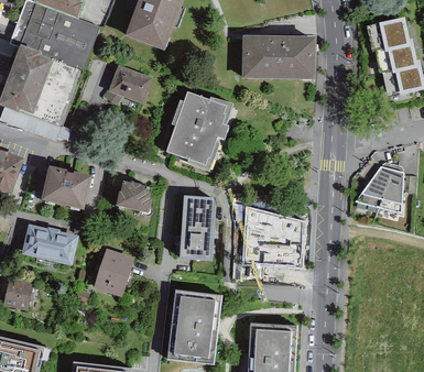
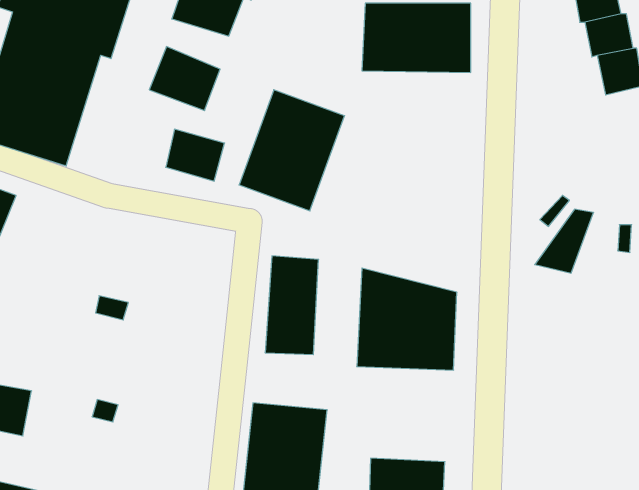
building: [39,164,90,208] -> none
building: [377,168,402,214] -> none
building: [117,179,154,212] -> [166,129,225,181]
building: [20,225,76,264] -> none
building: [93,249,134,297] -> none

